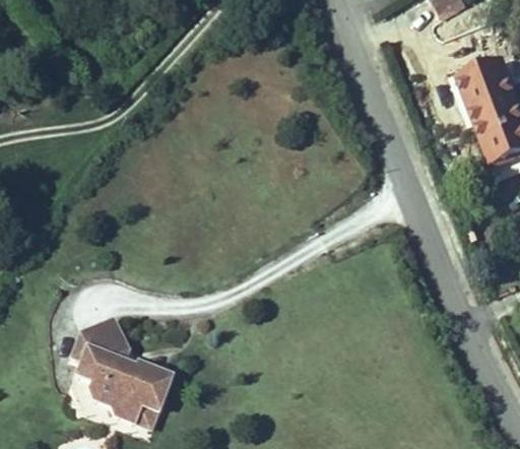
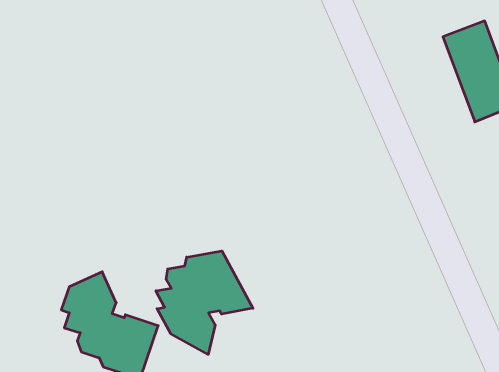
building: none -> [156,251,253,354]

